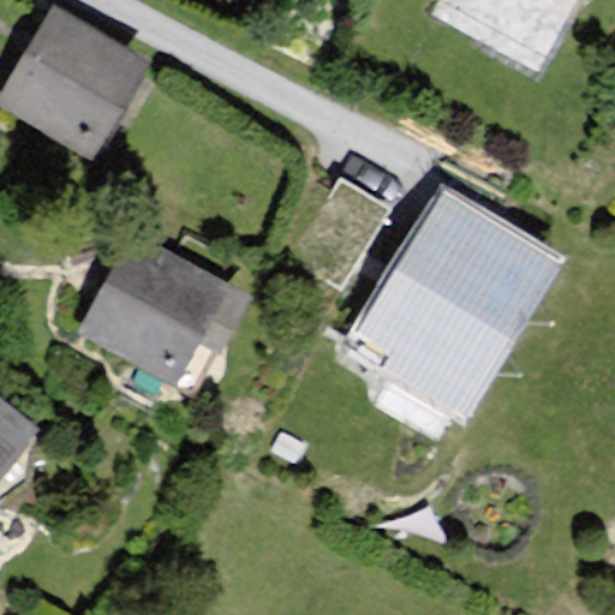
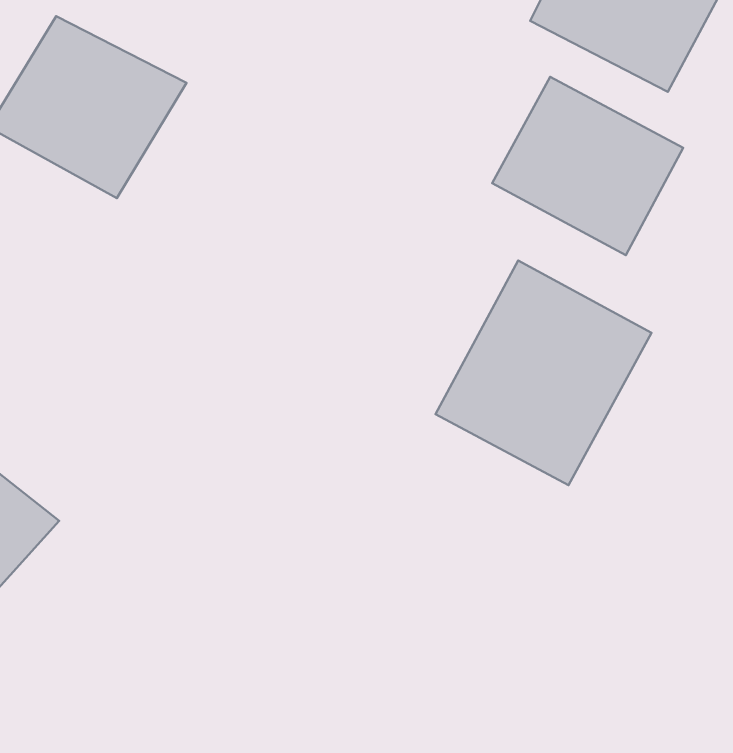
building: none -> [492,77,683,255]
building: [77,228,258,389] -> none

